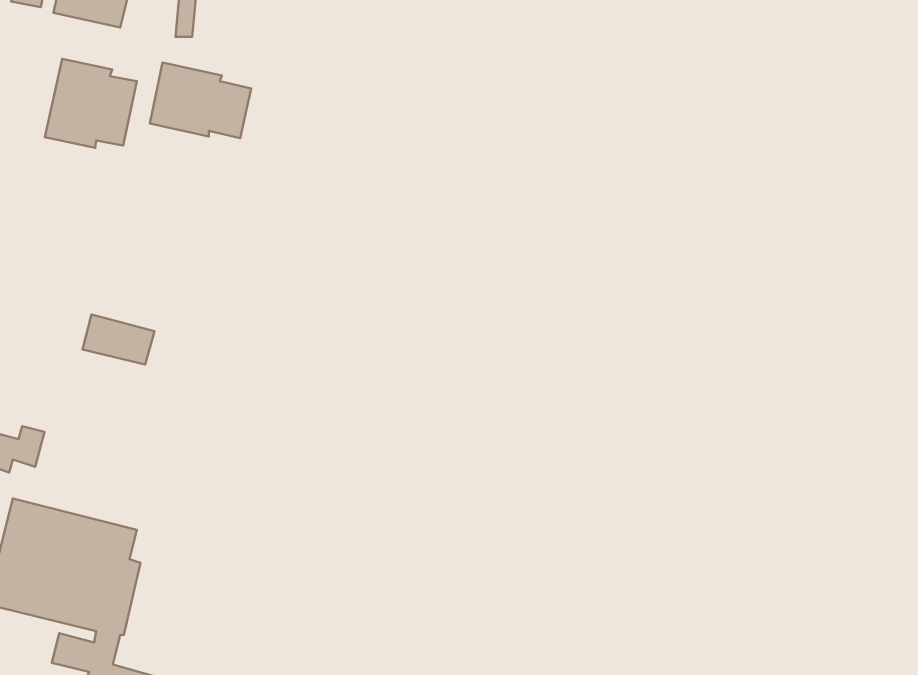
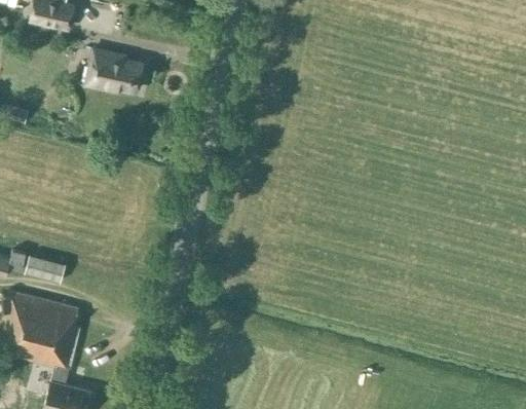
building: [45,59,137,148] -> none
building: [82,315,154,364] -> [27,253,67,281]

